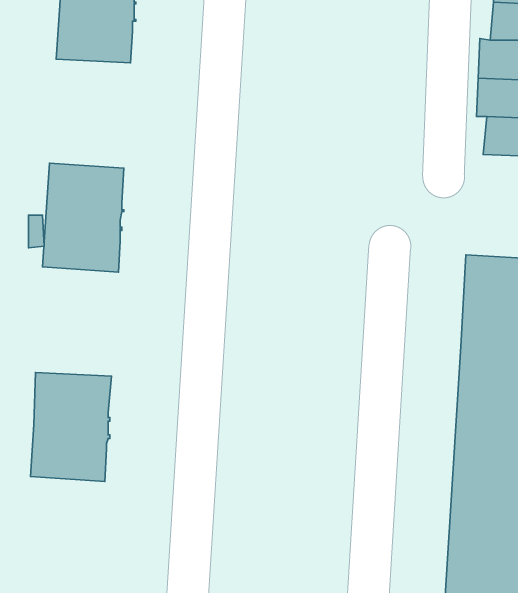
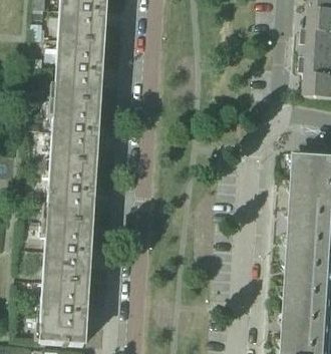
building: none -> [55,38,102,101]
building: none -> [47,158,95,222]
building: none -> [40,280,87,343]

